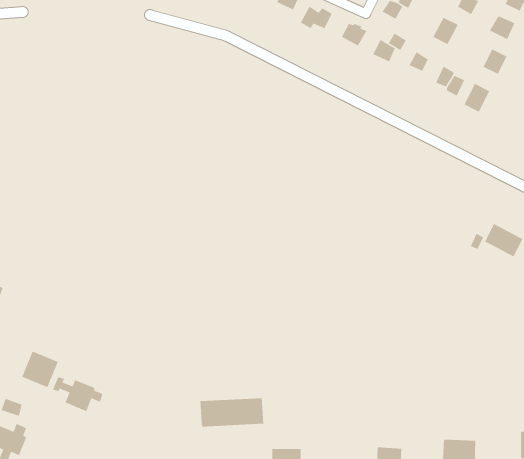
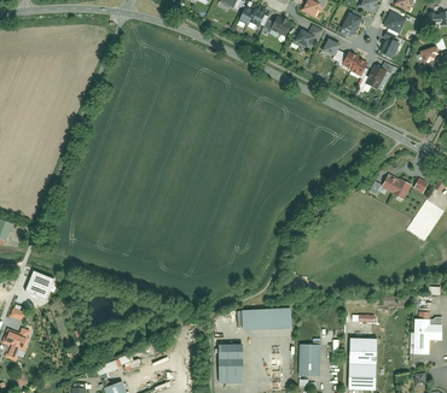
building: [52,376,104,412] -> none
building: [199,397,264,427] -> [243,306,292,329]

